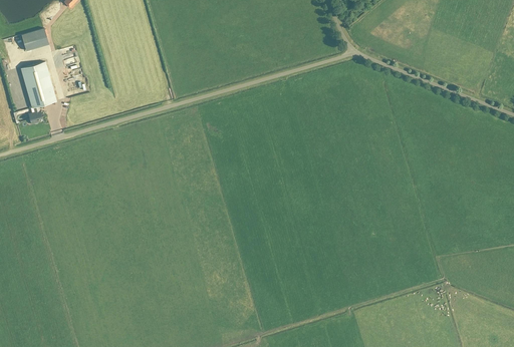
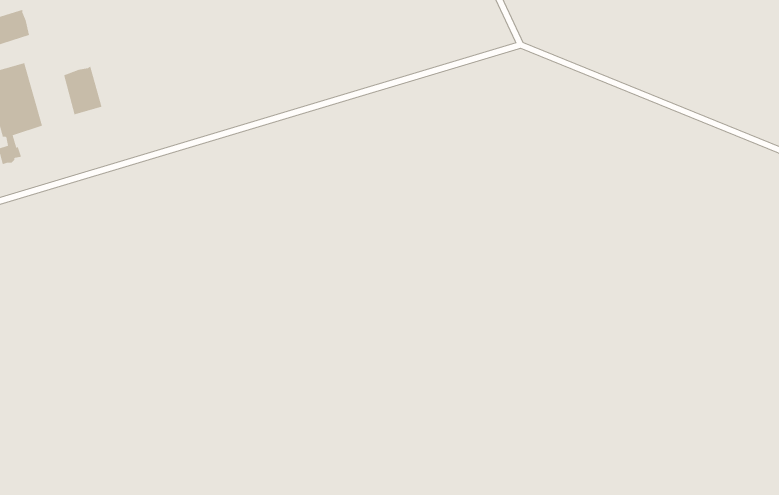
building: none -> [63,66,102,115]

